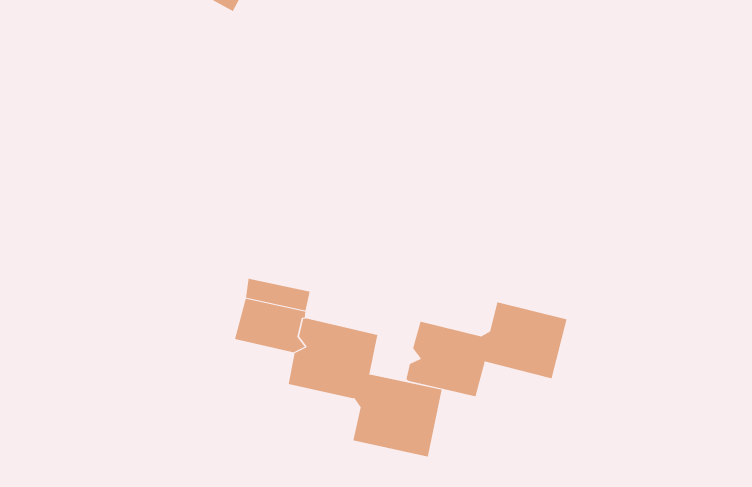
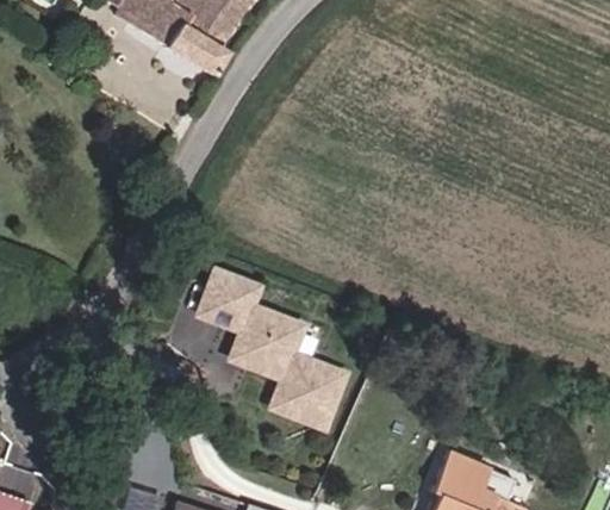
building: [406,301,567,397] -> none

